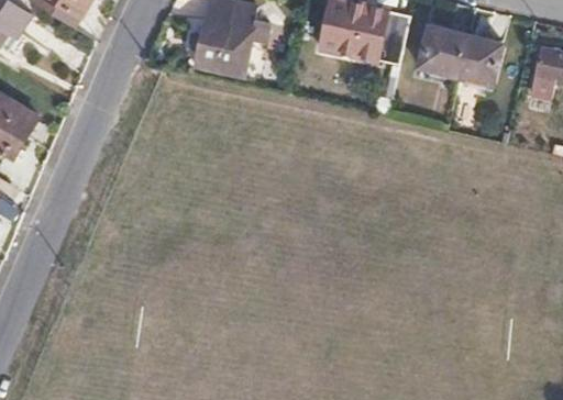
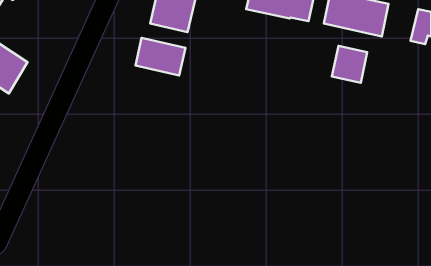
building: none -> [135,38,185,76]
building: none -> [332,46,367,83]

